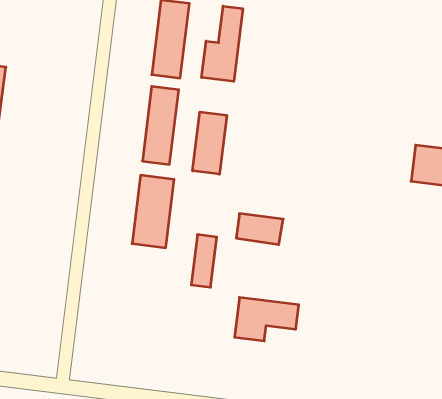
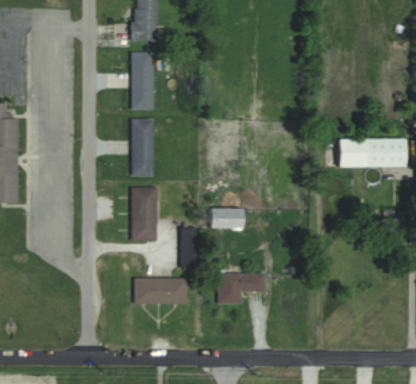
building: [202,6,243,81] -> none
building: [193,112,227,174] -> none
building: none -> [133,278,187,303]

